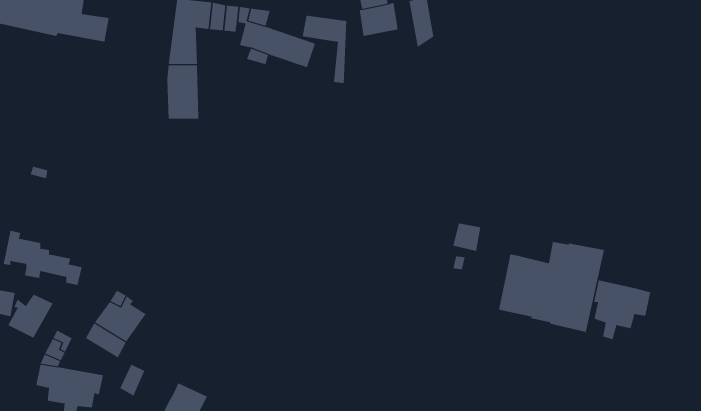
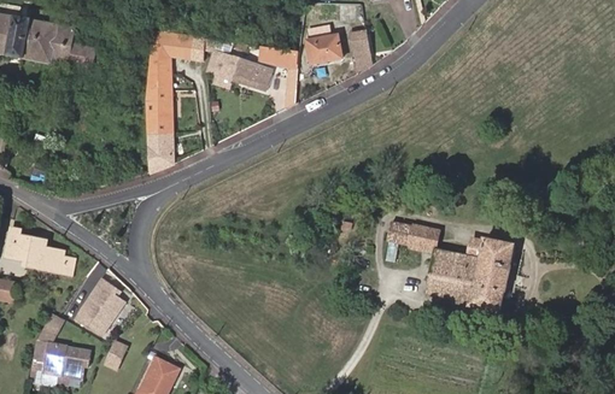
building: none -> [146,133,172,170]
building: none -> [408,223,441,253]
building: [594,279,651,340] -> none
building: [7,294,54,339] -> none

